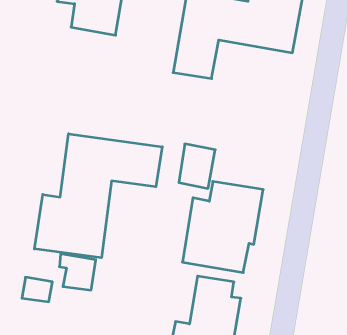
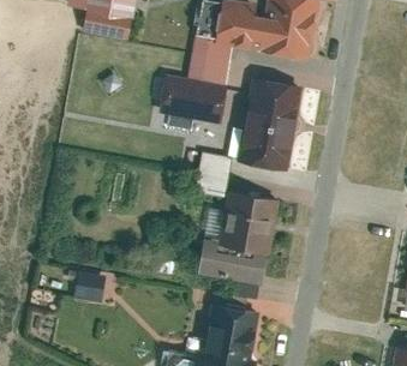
building: none -> [158,77,304,172]
building: [34,134,162,258] -> none

